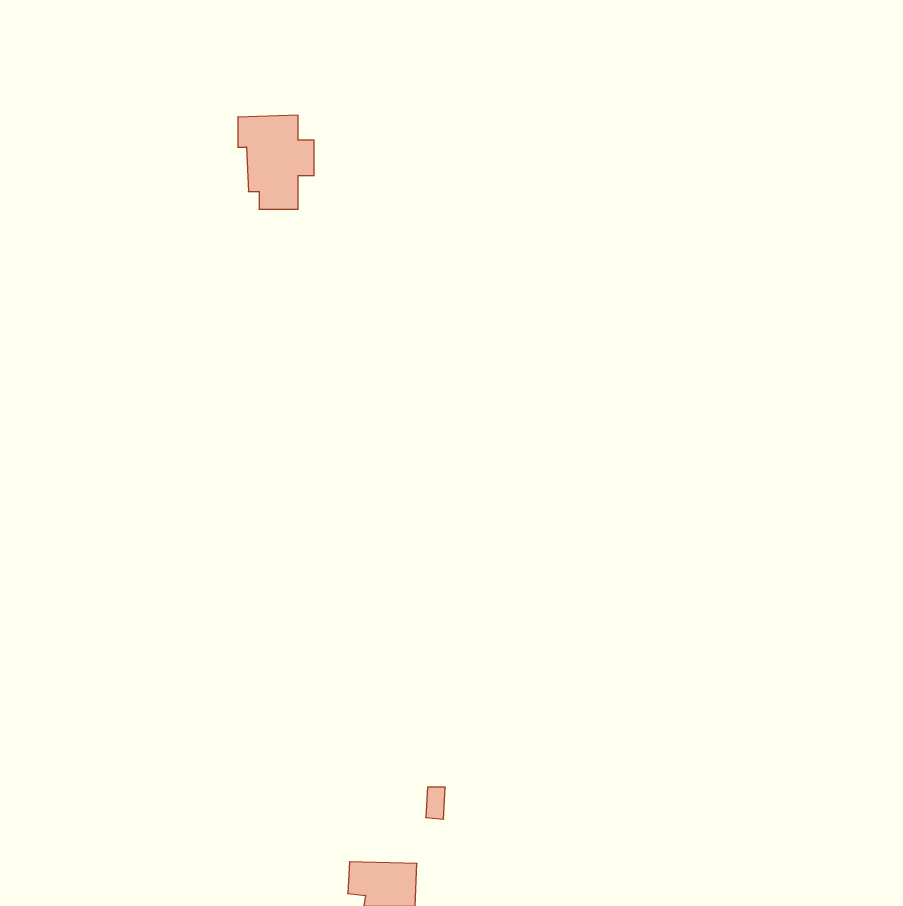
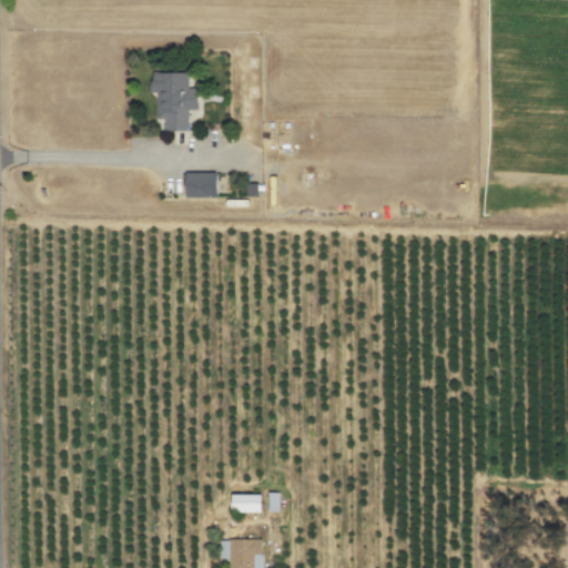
building: none -> [186,173,217,197]
building: none -> [232,495,263,514]

